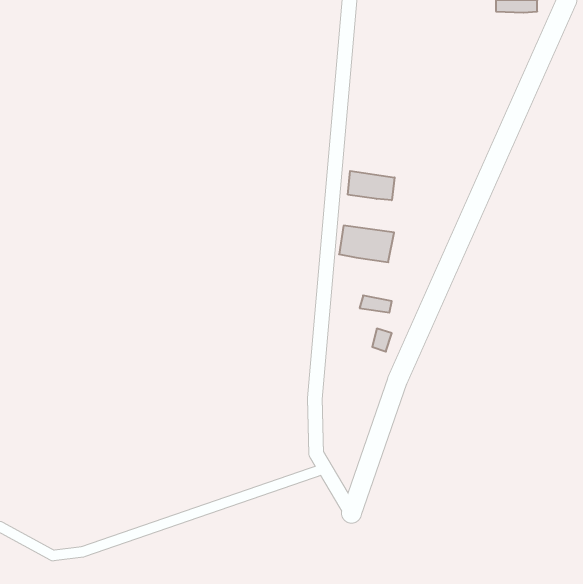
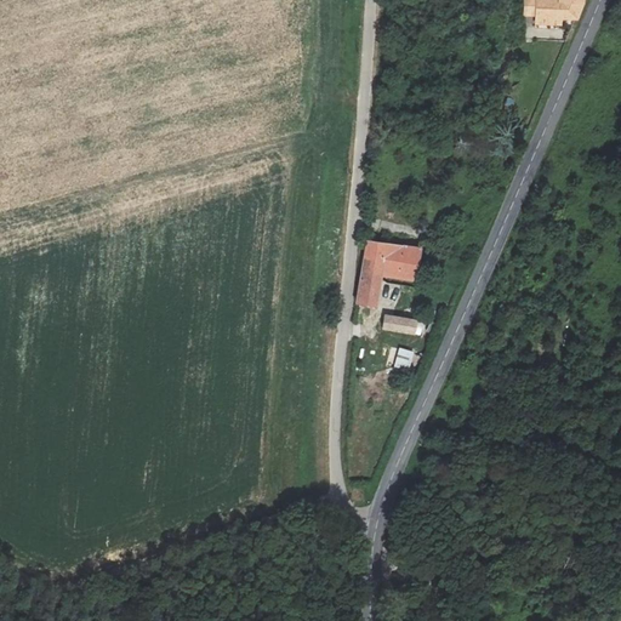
building: [348,171,395,200] -> none
building: none -> [357,270,380,306]

